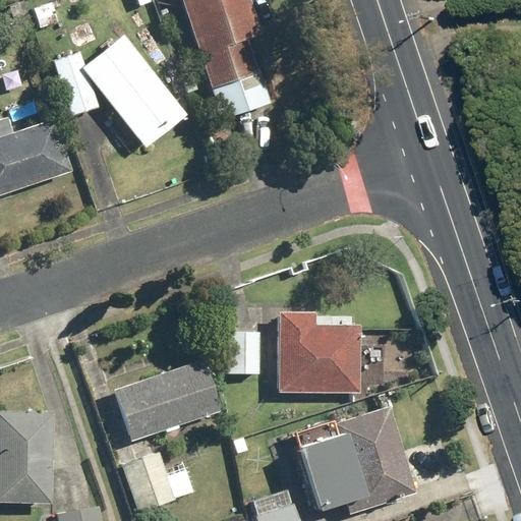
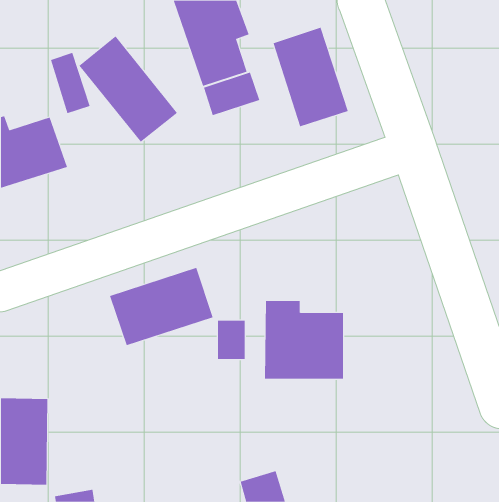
building: none -> [273,27,349,127]
building: [113,359,221,441] -> [109,267,213,346]
building: [291,403,416,512] -> none
building: [122,453,193,512] -> none

